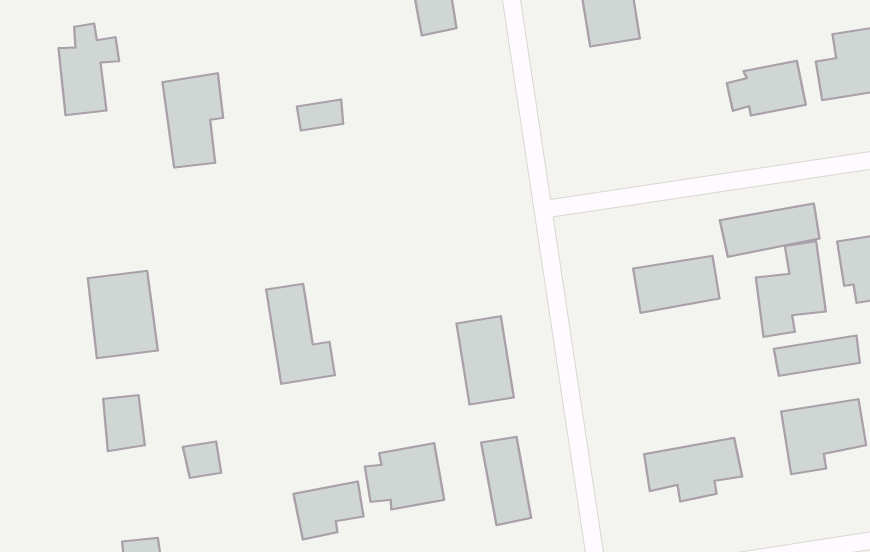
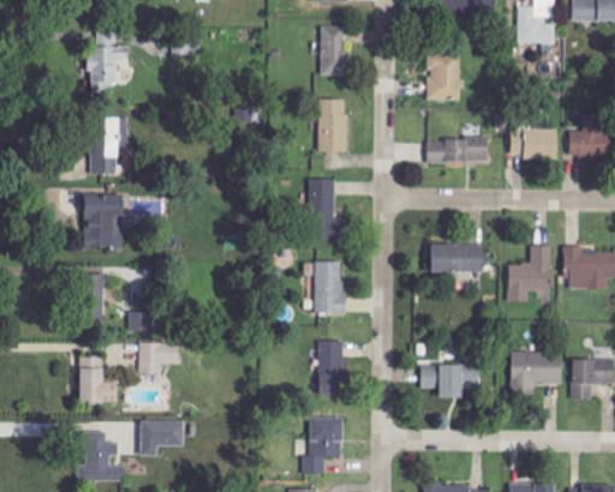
building: none -> [317,98,346,152]
building: [162,73,223,167] -> [90,118,127,174]
building: [720,203,819,257] -> [425,138,486,163]
building: [266,284,335,384] -> [310,179,345,240]
building: [774,336,860,376] -> none
building: [365,443,444,509] -> none
building: [293,482,363,540] -> [137,342,179,373]

